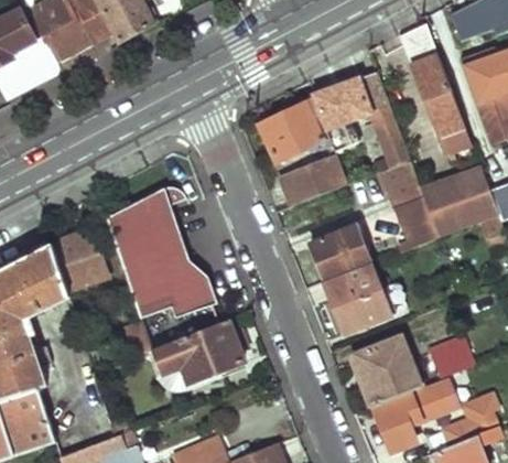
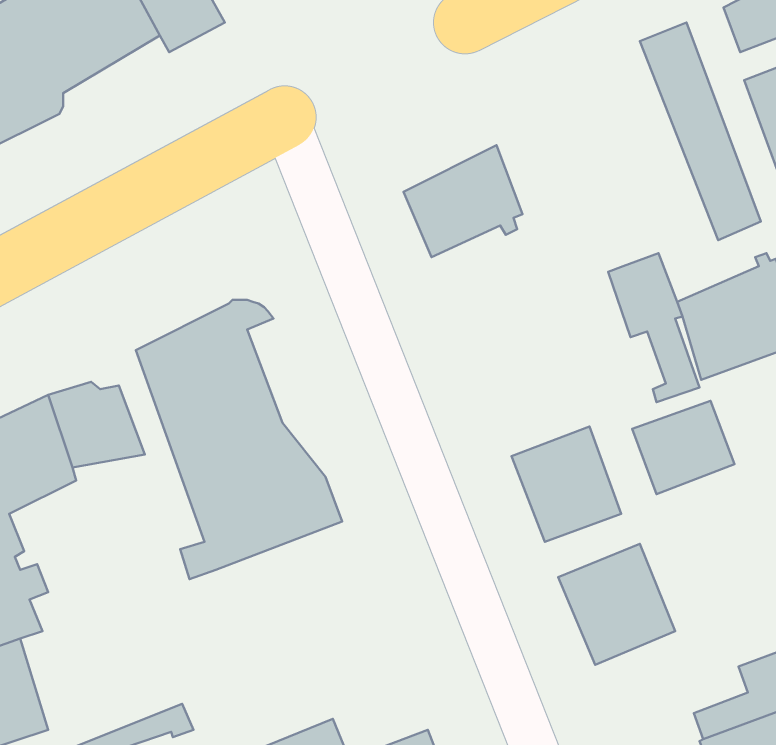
building: [314,71,411,169] -> none
building: [281,158,347,206] -> none
building: [310,226,370,281] -> [632,401,735,494]
building: [149,319,247,381] -> none
building: [429,335,473,376] -> none
building: [376,383,455,448] -> none

